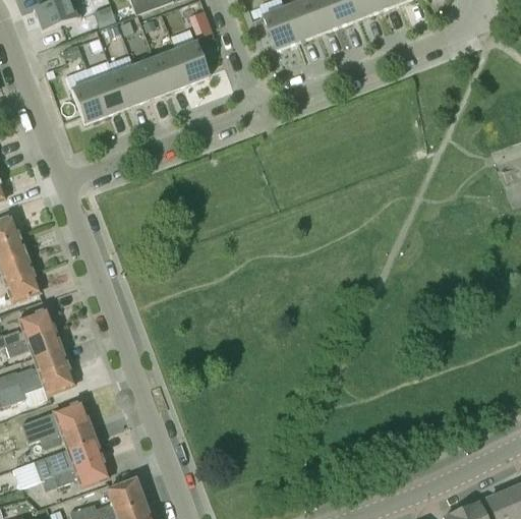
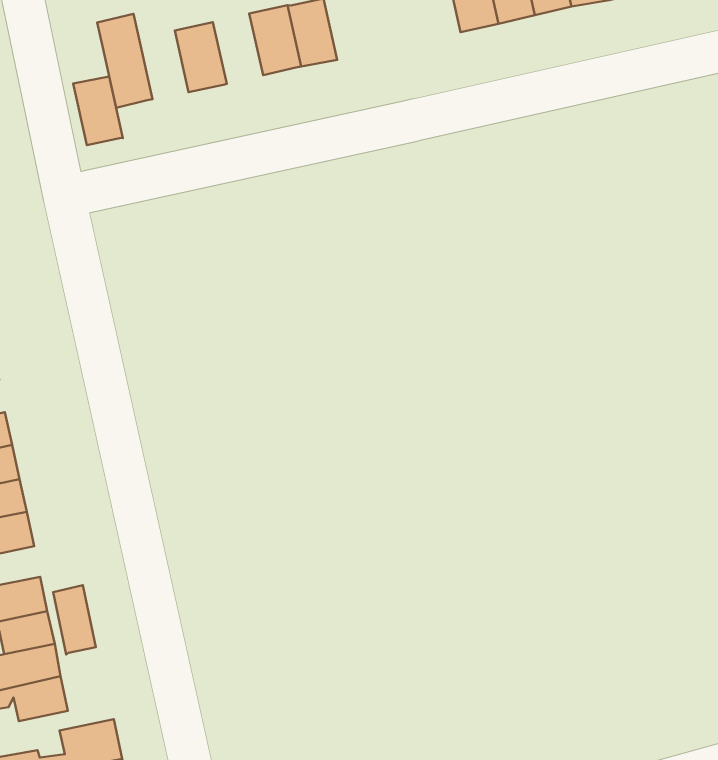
building: [133,57,167,100] -> none
building: [92,73,125,115] -> [73,76,123,145]
building: none -> [53,585,96,655]

